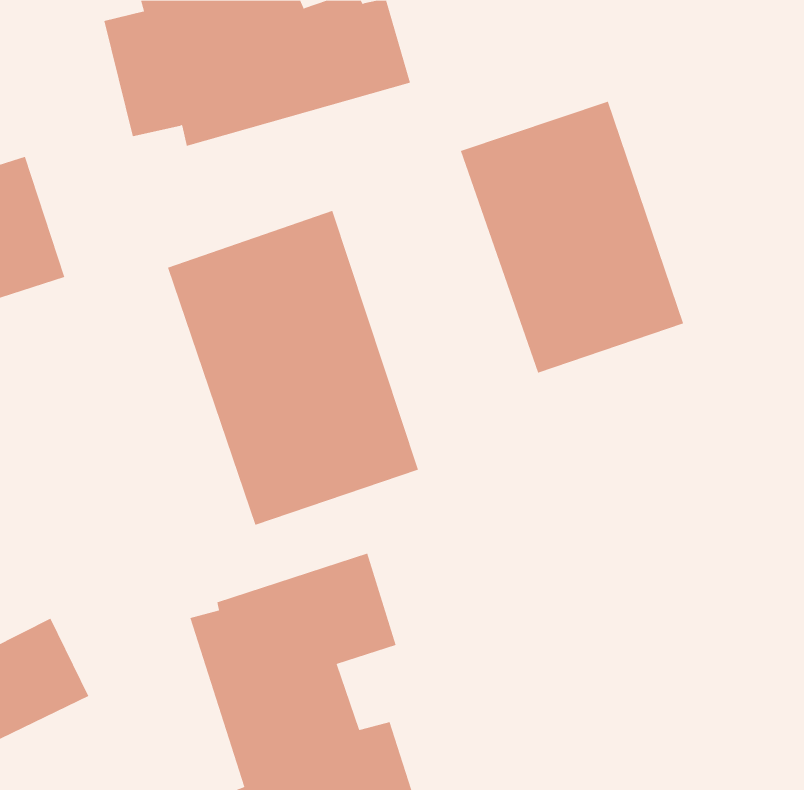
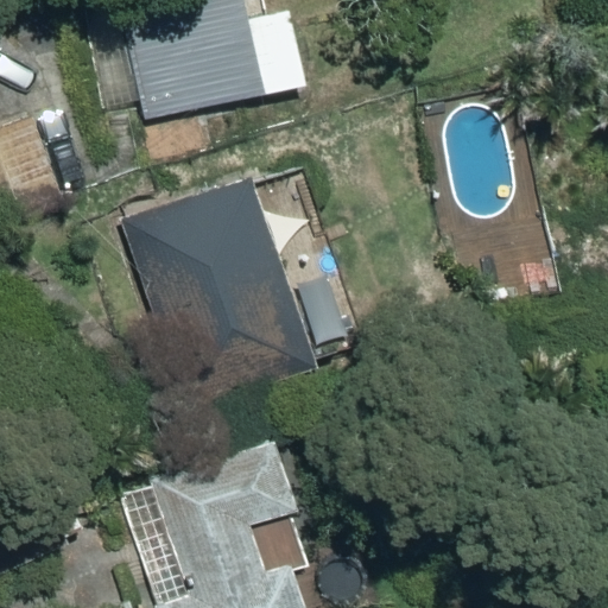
building: [460,101,684,374] -> none

